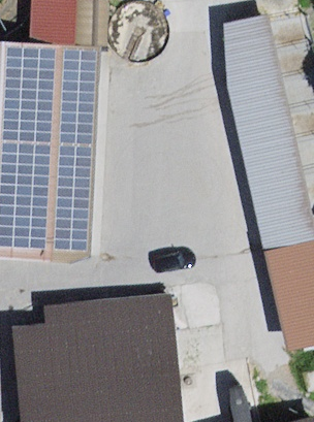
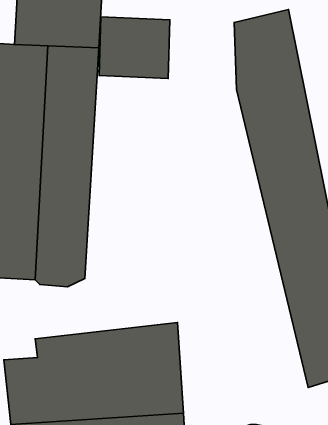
building: none -> [99,17,170,78]

